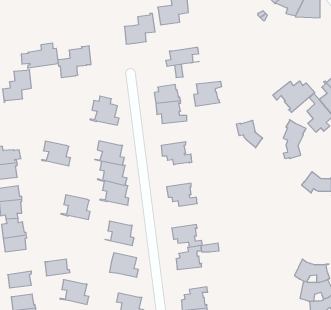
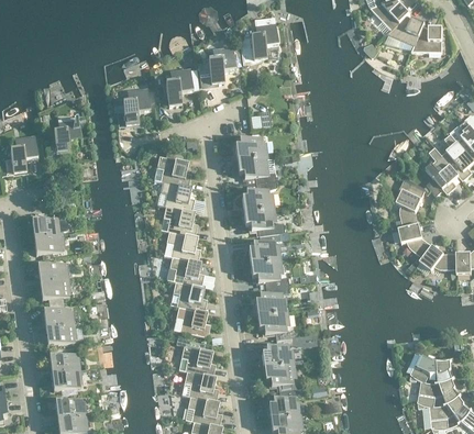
building: none -> [165,68,198,105]
building: [22,43,58,68] -> none
building: [166,47,199,66] -> none
building: [273,81,315,113] -> none
building: [194,81,222,106] -> [241,180,276,211]
building: [236,121,263,148] -> [398,223,431,257]
building: [42,141,71,166] -> [157,180,194,211]
building: none -> [247,232,280,263]
building: [61,195,90,220] -> [169,280,206,311]
building: none -> [254,283,289,314]
building: [45,259,70,276] -> [48,352,80,372]
building: none -> [263,363,295,386]
building: [60,280,89,304] -> [181,370,218,401]

